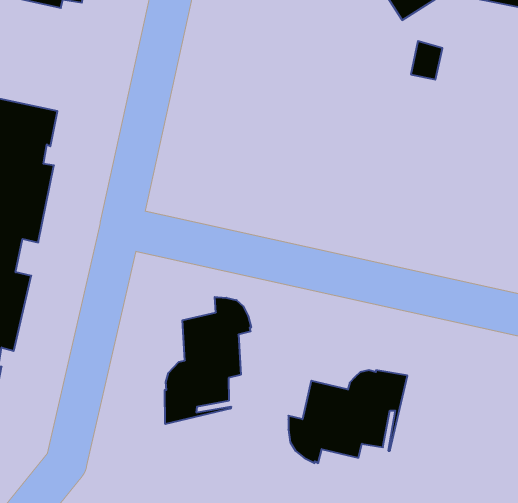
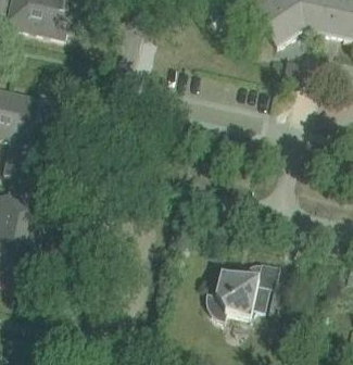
building: [165,297,251,424] -> none

